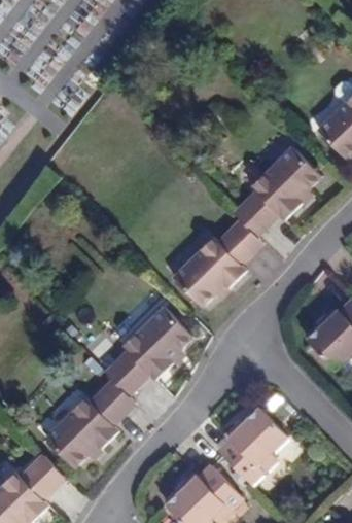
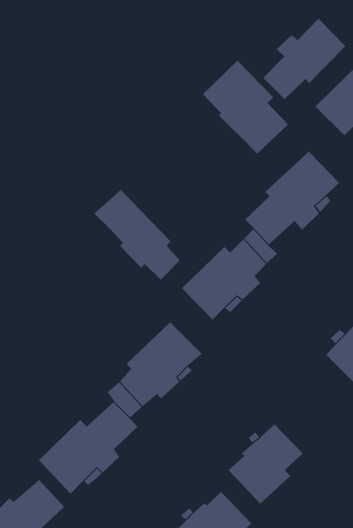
building: none -> [263,18,346,100]
building: none -> [202,60,289,154]
building: none -> [93,189,180,280]

